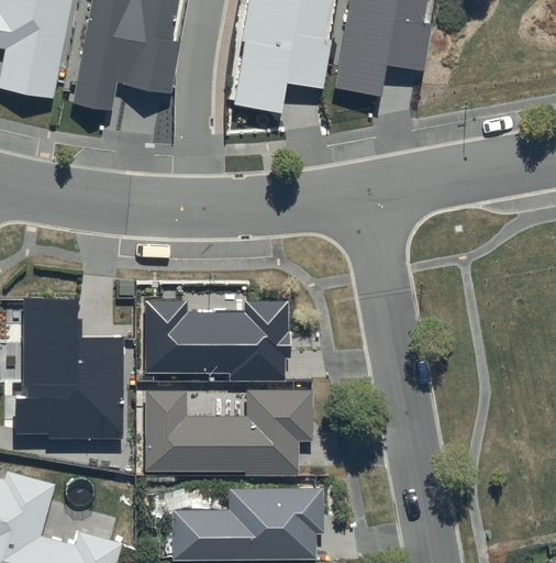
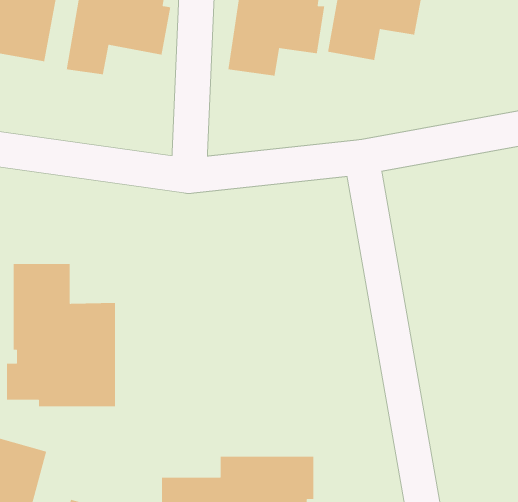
building: [143,299,288,380] -> none
building: [142,388,311,481] -> none

